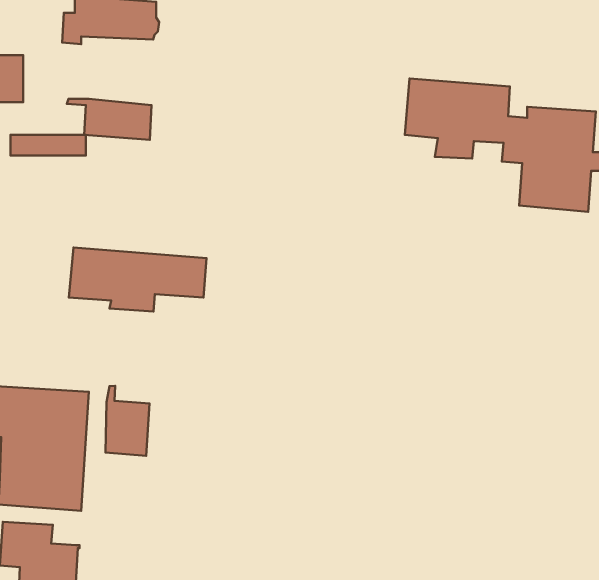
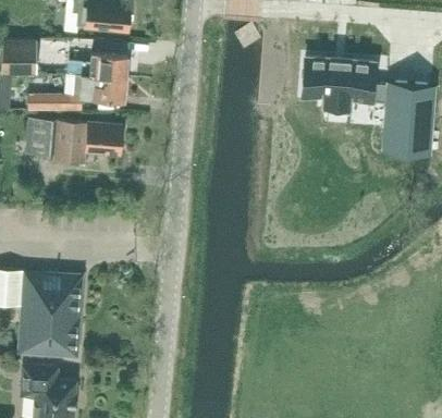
building: none -> [67,53,127,75]
building: [69,247,207,312] -> [25,119,121,163]
building: [106,386,150,456] -> none

